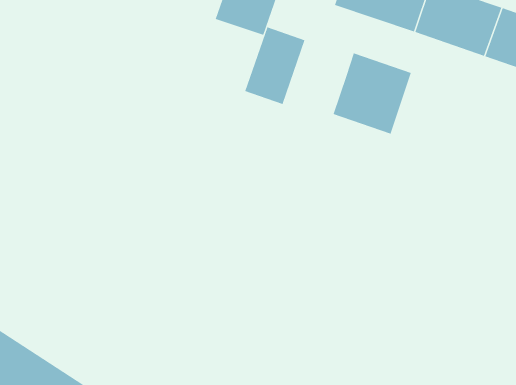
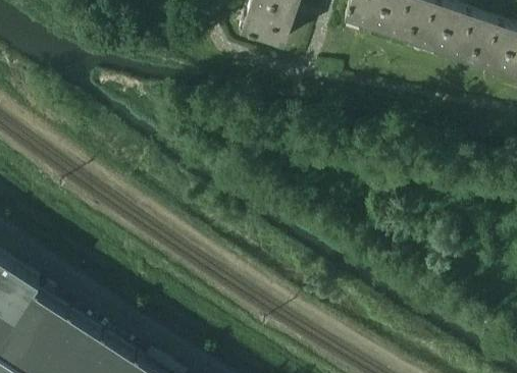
building: [245,27,305,105] -> none
building: [333,53,412,134] -> none

